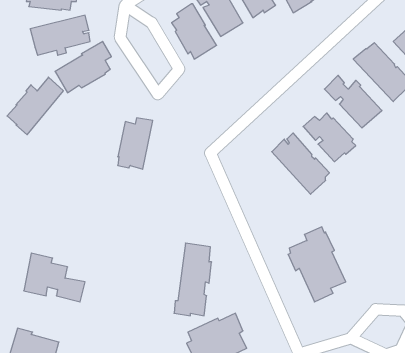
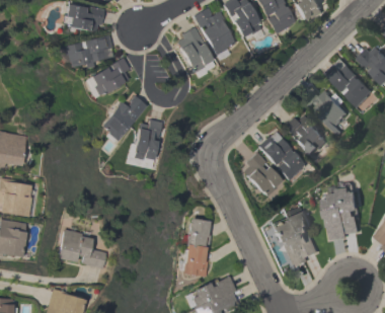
building: [7,77,63,135] -> [100,94,146,141]
building: none -> [243,152,282,195]
building: none -> [323,181,361,239]

